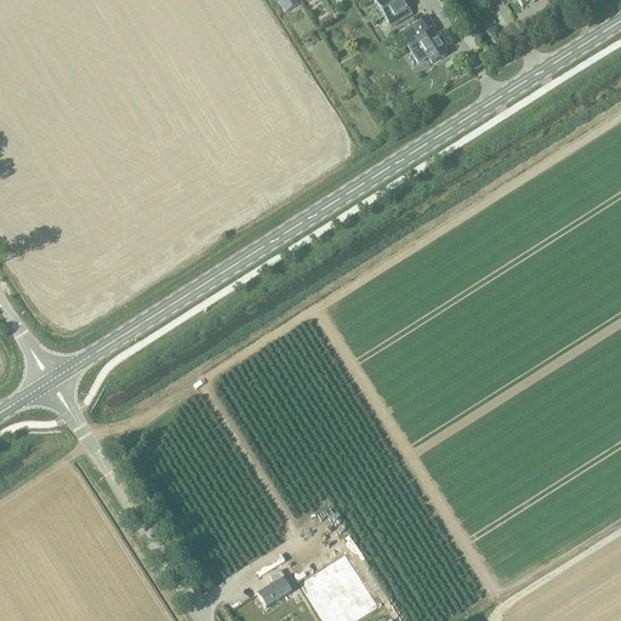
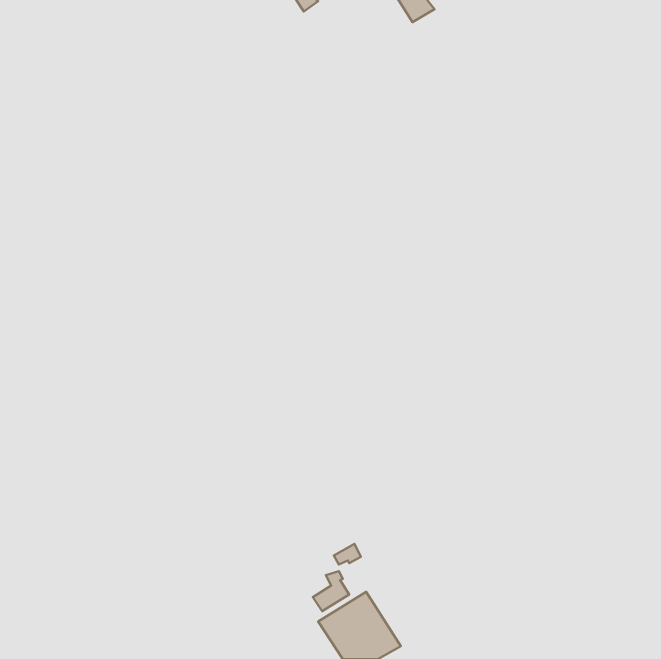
building: [410,16,445,63] -> none
building: [256,570,290,608] -> [313,571,349,611]

